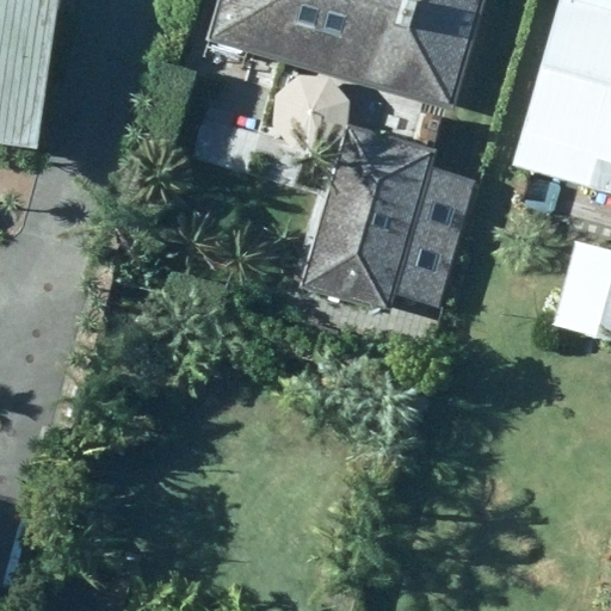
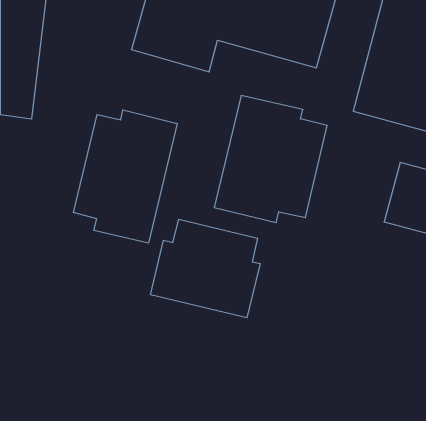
building: none -> [73,110,177,243]
building: none -> [151,219,260,318]

